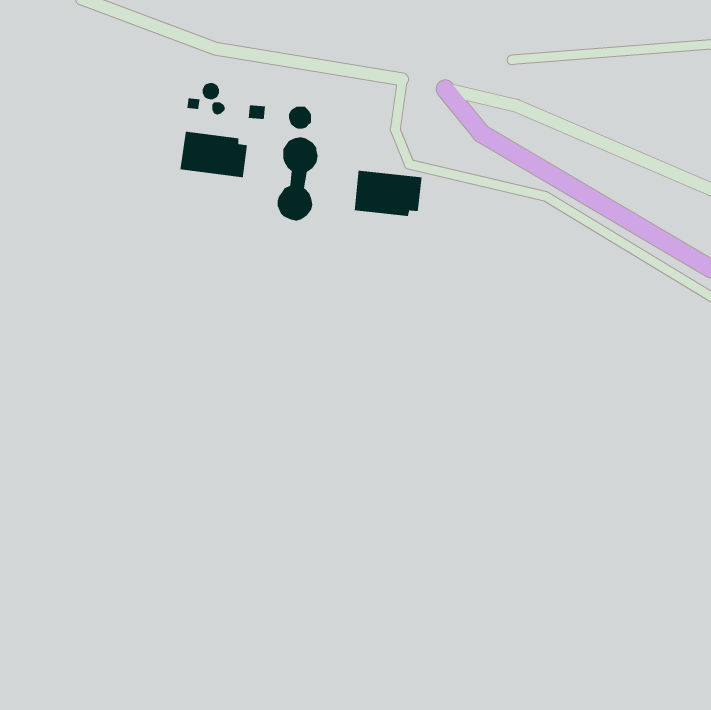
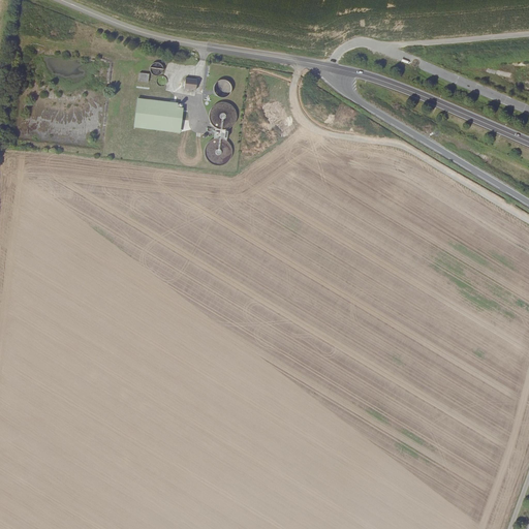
building: [354,170,422,217] -> none

